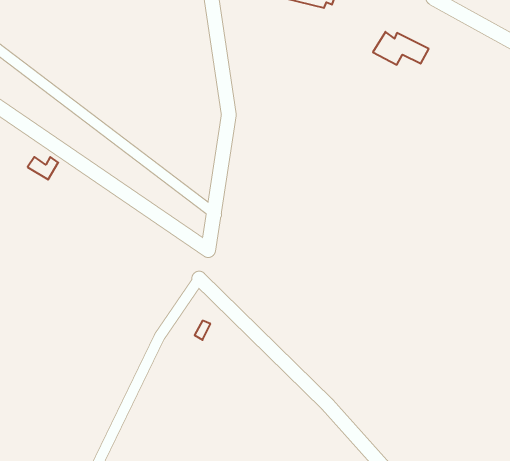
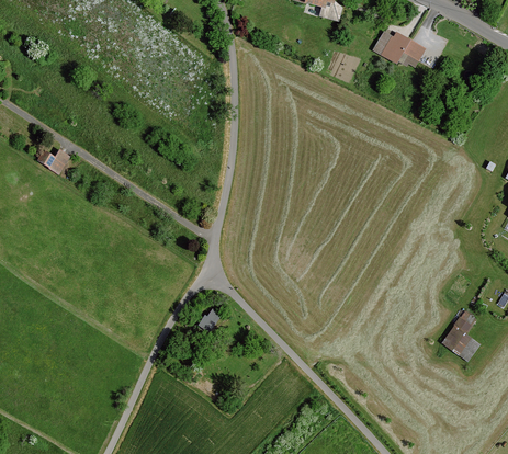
building: none -> [443,310,477,354]

